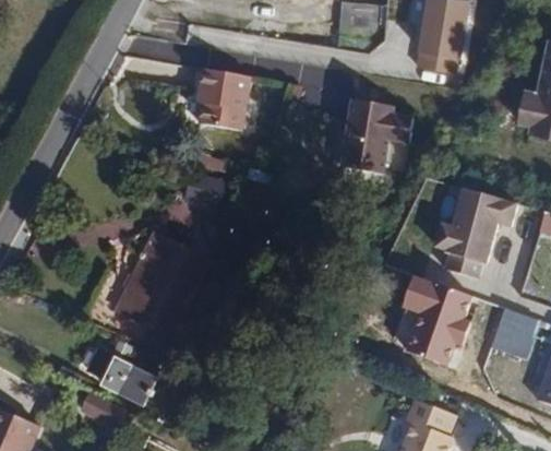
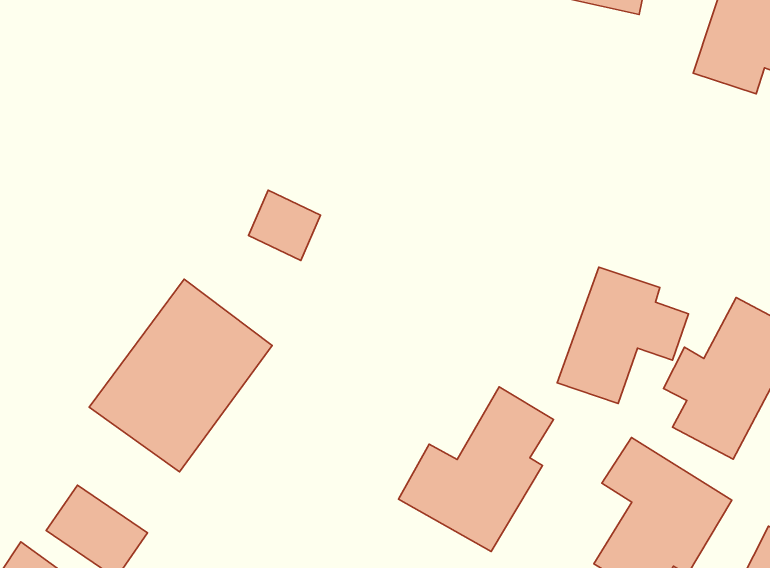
building: [192,69,250,132] -> none
building: [345,98,411,173] -> [557,267,688,403]
building: none -> [398,387,553,552]

